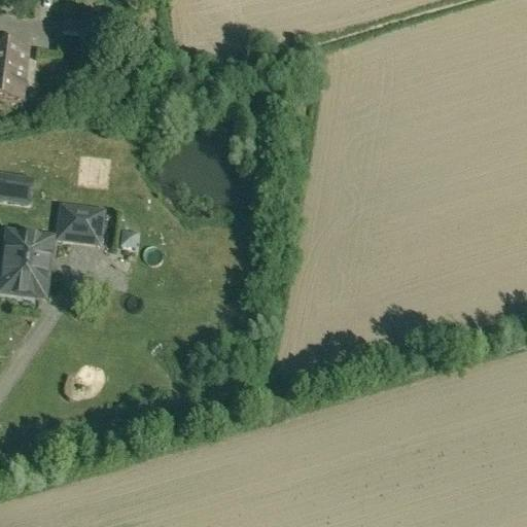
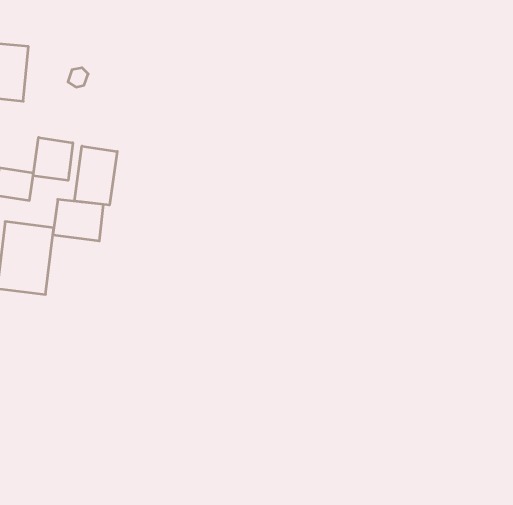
building: none -> [33,137,73,180]
building: none -> [75,146,117,205]

